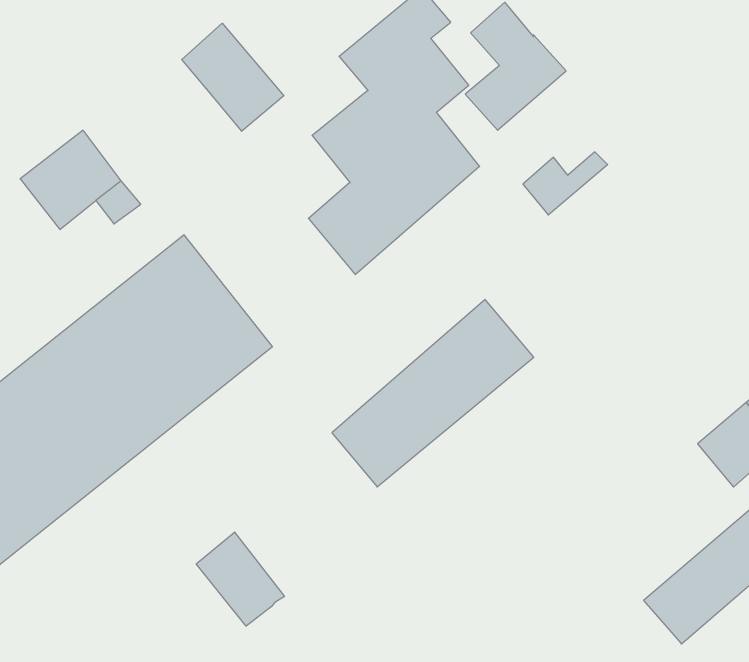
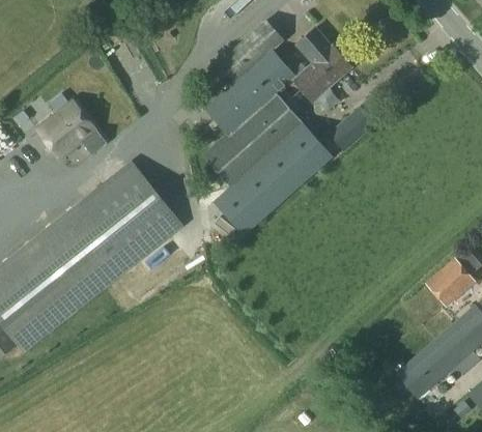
building: [182,23,284,131] -> none
building: [332,299,534,487] -> [215,122,331,230]
building: [196,532,284,626] -> none

